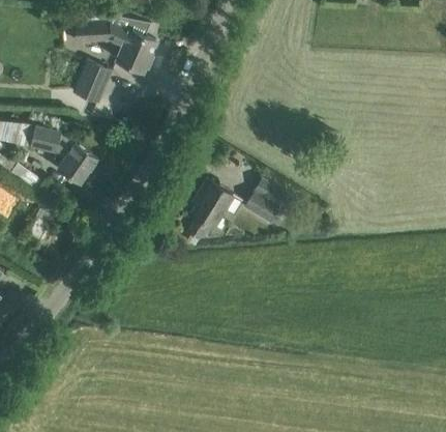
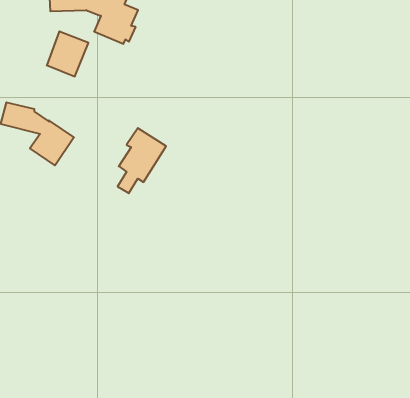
building: [245,178,288,226] -> none
building: [188,179,233,239] -> [118,128,166,193]

